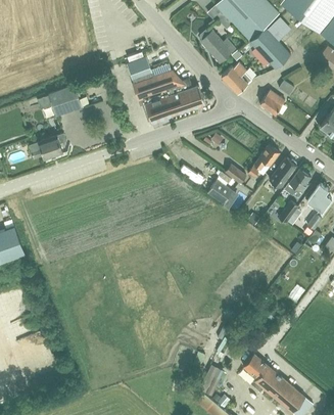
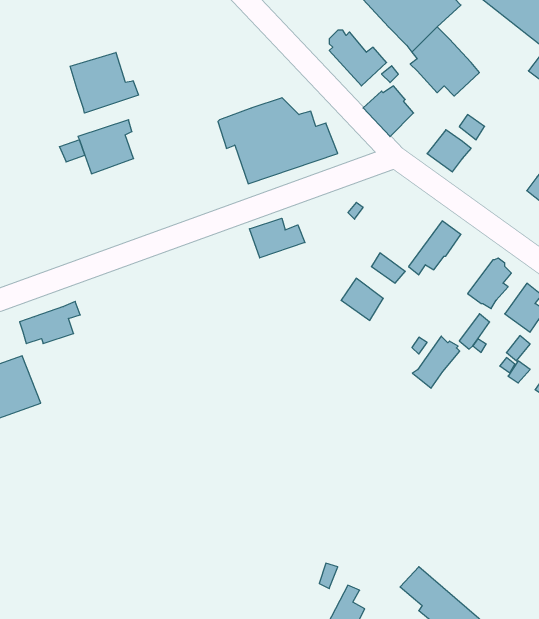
building: none -> [70,52,139,113]
building: [127,57,153,84] -> none
building: [30,134,66,159] -> [20,301,80,344]
building: none -> [249,218,305,258]
building: [269,157,297,189] -> [412,336,460,388]

